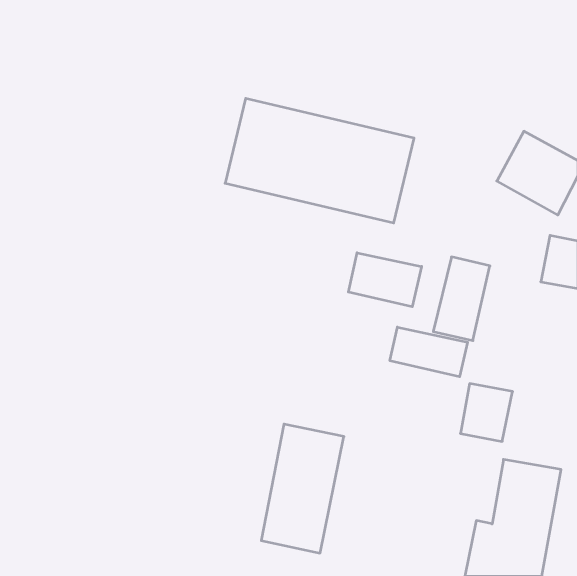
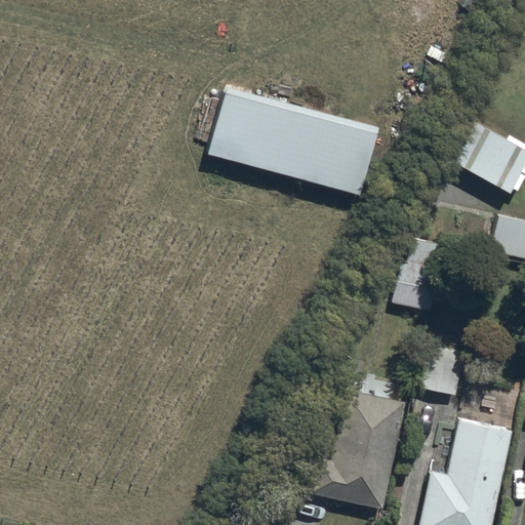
building: [348,253,422,307] -> none
building: [390,327,468,377] -> none
building: [261,424,344,553] -> [330,392,405,509]

